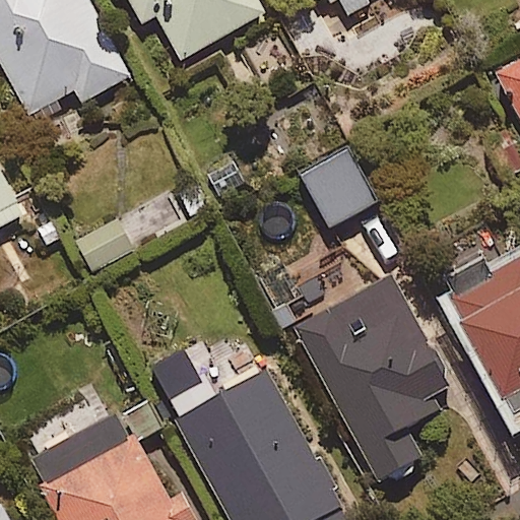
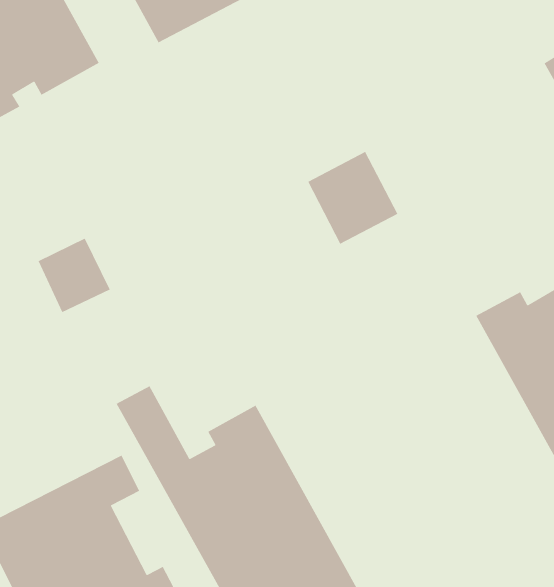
building: [297,277,450,482] -> none

